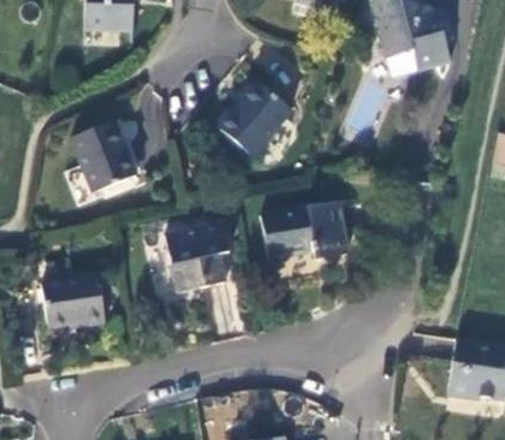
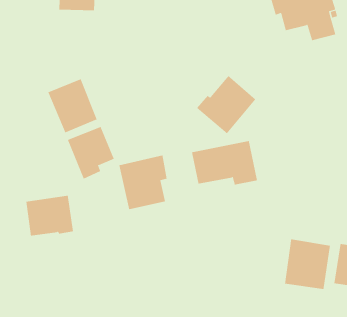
building: [212,79,291,157] -> [196,75,256,134]
building: none -> [67,126,114,179]
building: none -> [284,239,331,290]

